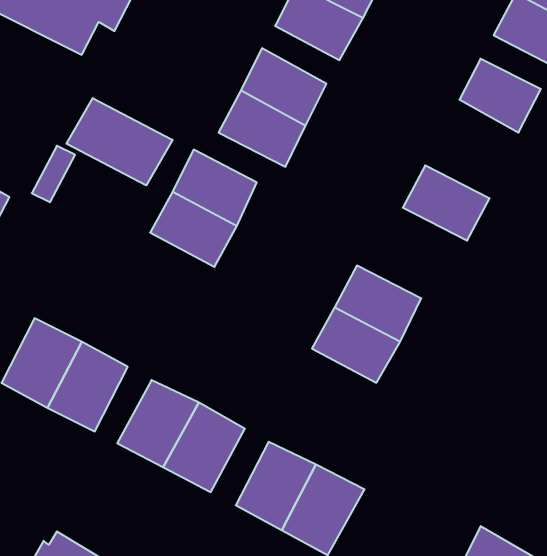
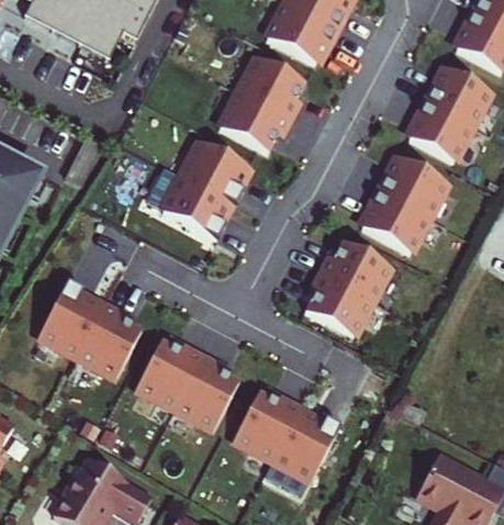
building: [66,98,173,185] -> none
building: none -> [404,99,471,159]
building: none -> [357,189,428,252]

